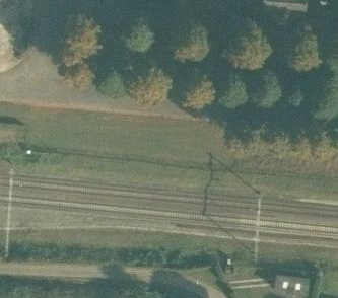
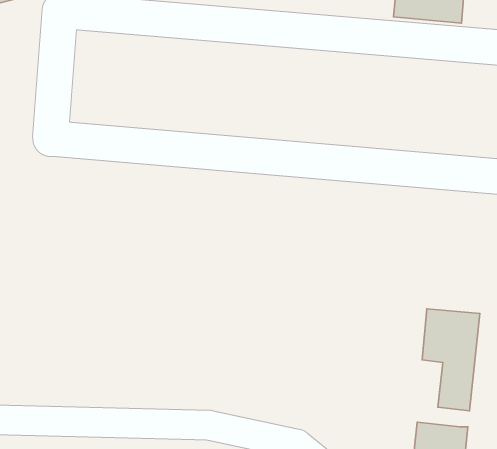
building: none -> [422,309,480,411]

